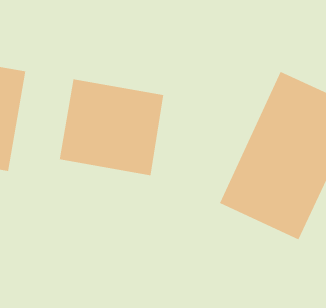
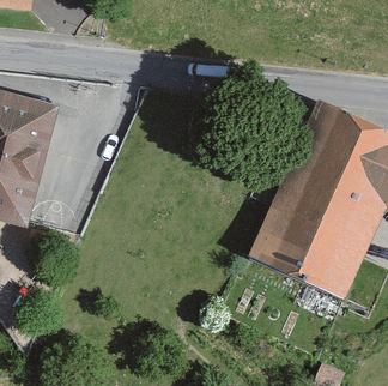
building: [59,79,164,176] -> none

